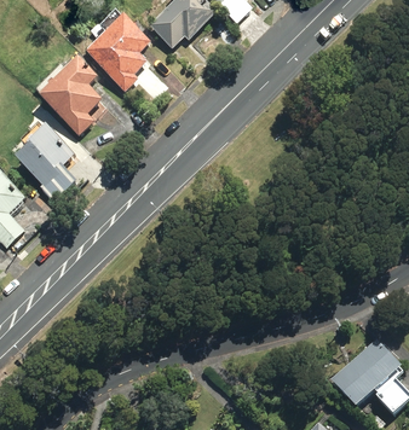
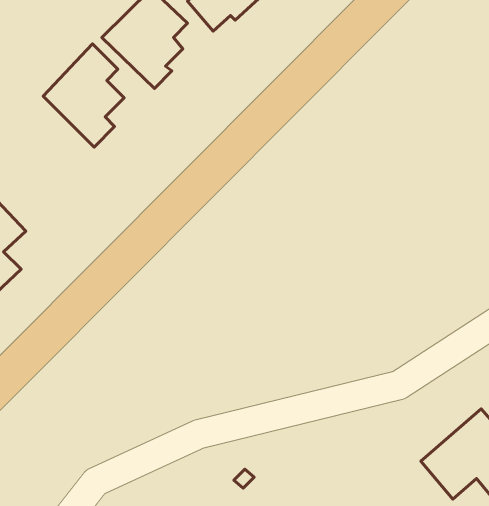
building: [18,128,77,202] -> none

